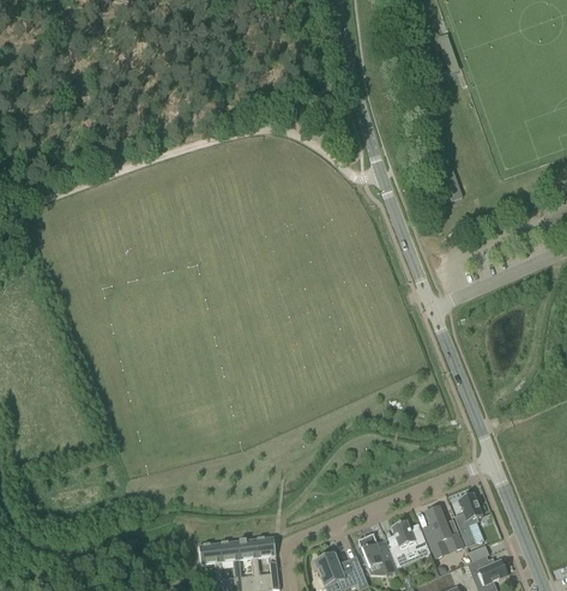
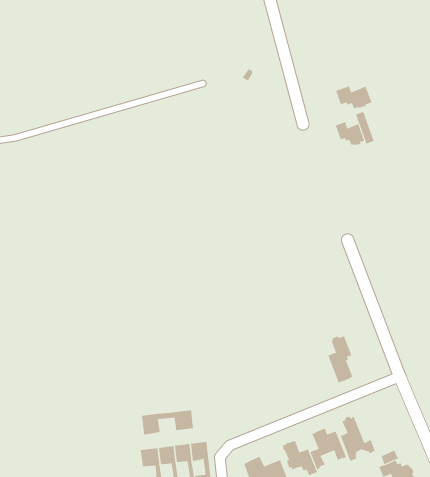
building: none -> [336,85,372,109]
building: none -> [335,121,365,146]
building: [454,494,483,548] -> [328,335,353,383]
building: none -> [141,409,194,436]

